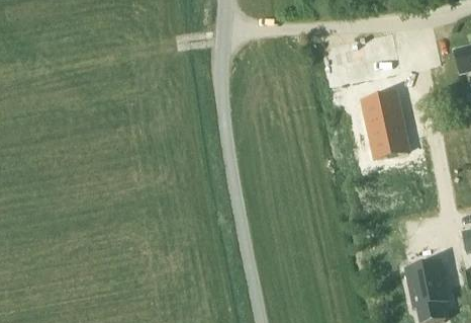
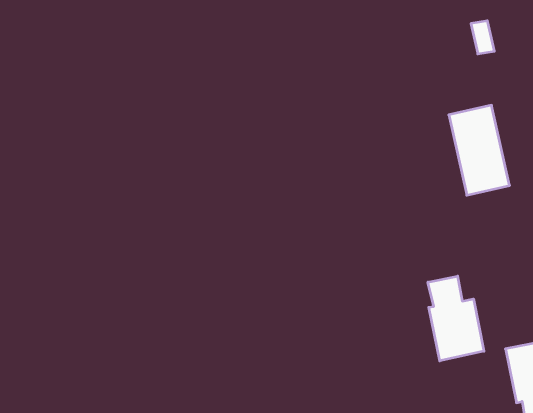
building: none -> [428,276,484,361]

